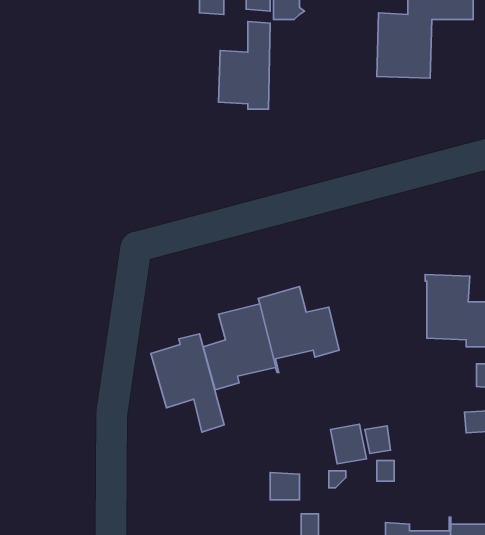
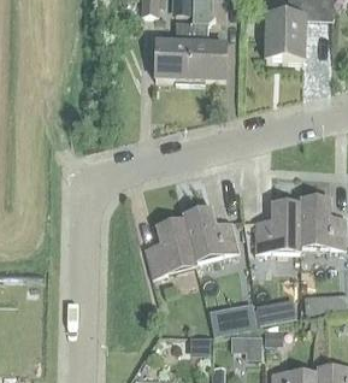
building: none -> [189,22,225,82]
building: none -> [254,202,300,252]
building: [151,334,224,432] -> none

